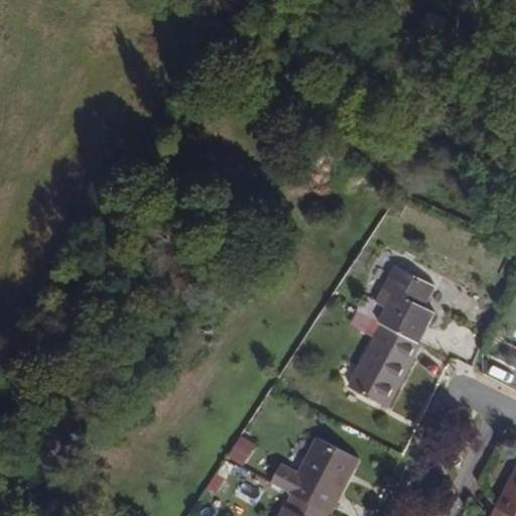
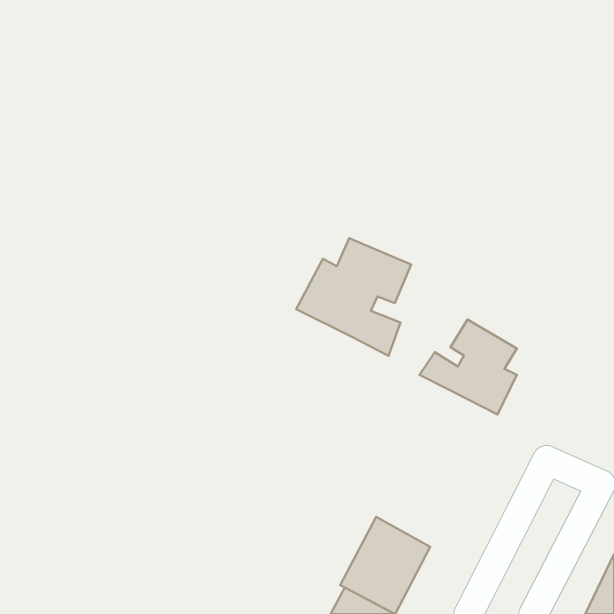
building: none -> [296,238,411,356]
building: [345,328,420,411] -> none

